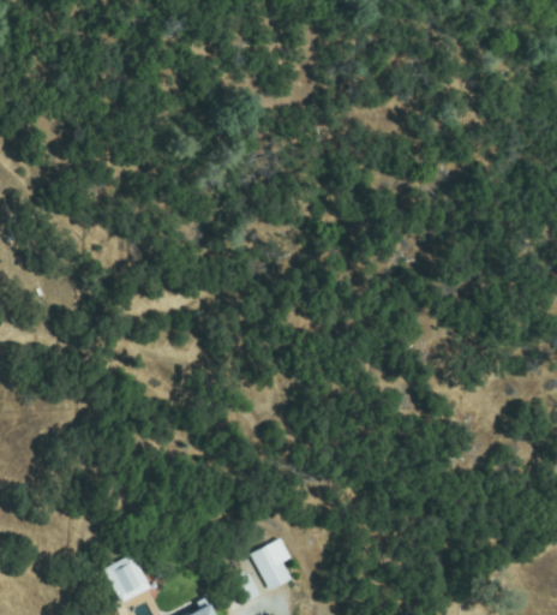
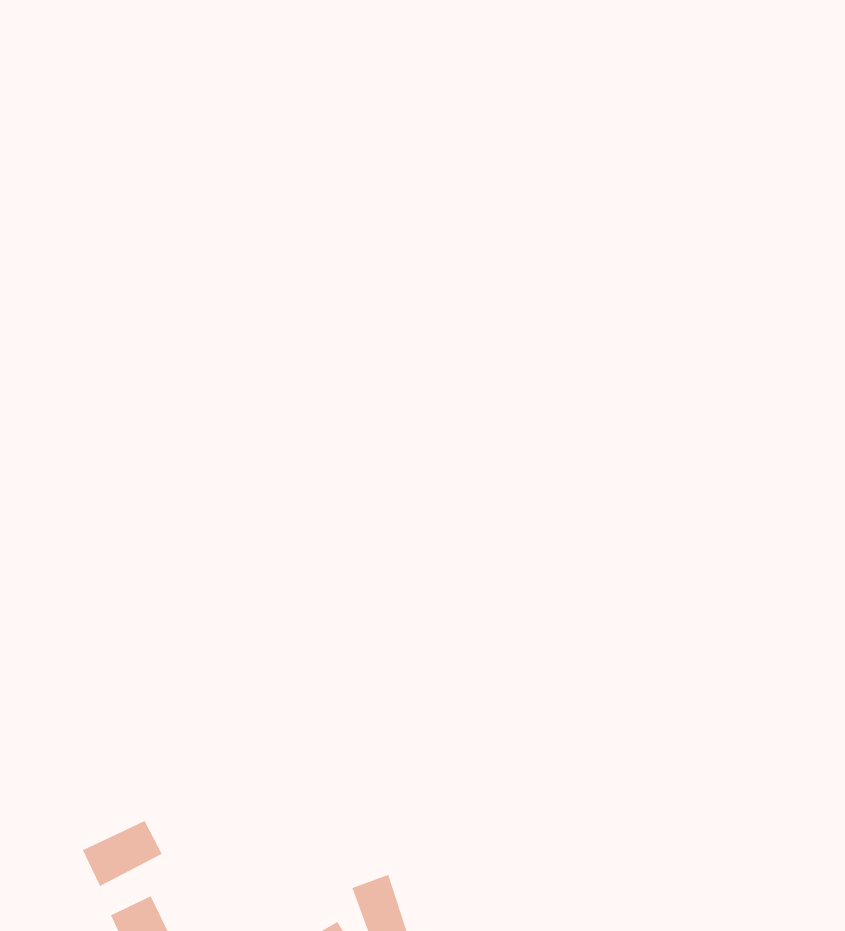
building: none -> [82,820,162,887]

